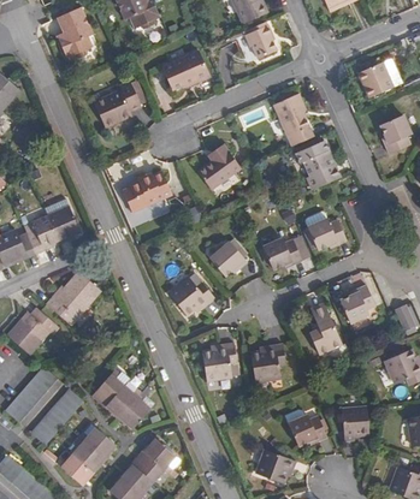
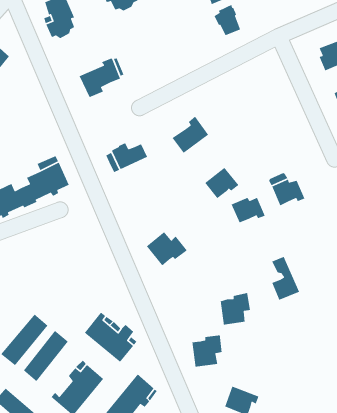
building: [160,53,208,91] -> none
building: [272,95,312,148] -> none
building: [295,142,338,191] -> none
building: [208,242,248,278] -> [204,167,240,199]
building: [49,268,102,320] -> none
building: [341,286,375,323] -> none
building: [12,305,63,350] -> none
building: [202,345,237,382] -> [191,334,223,368]
building: [339,409,367,439] -> none
building: [288,420,326,446] -> none

